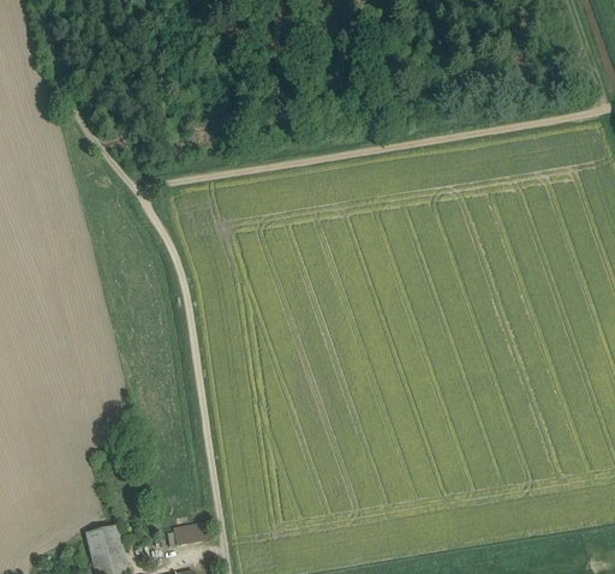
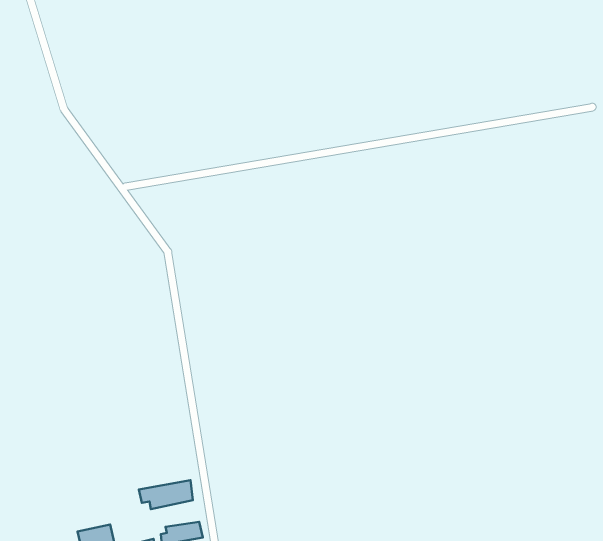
building: none -> [139,480,193,509]

